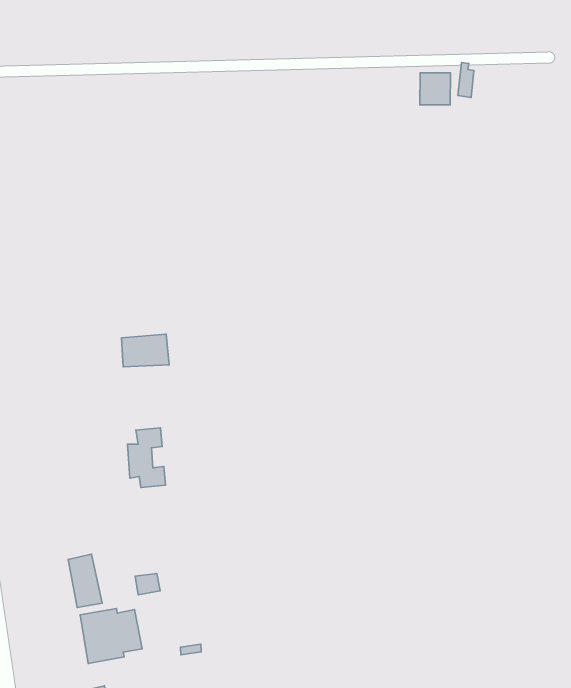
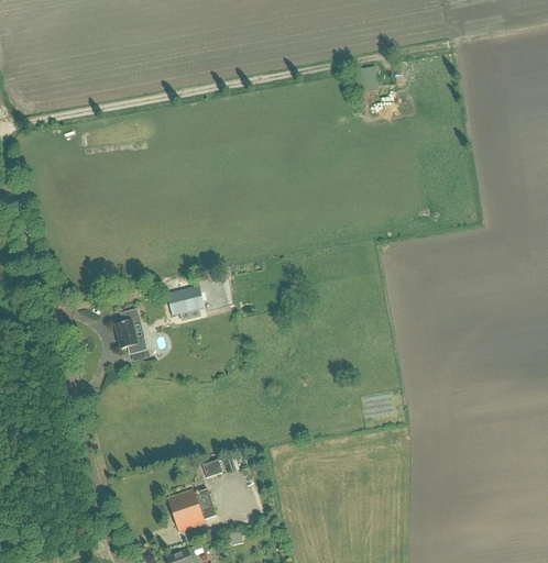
building: [128,428,165,487] -> [114,309,146,354]
building: [68,554,102,608] -> none

